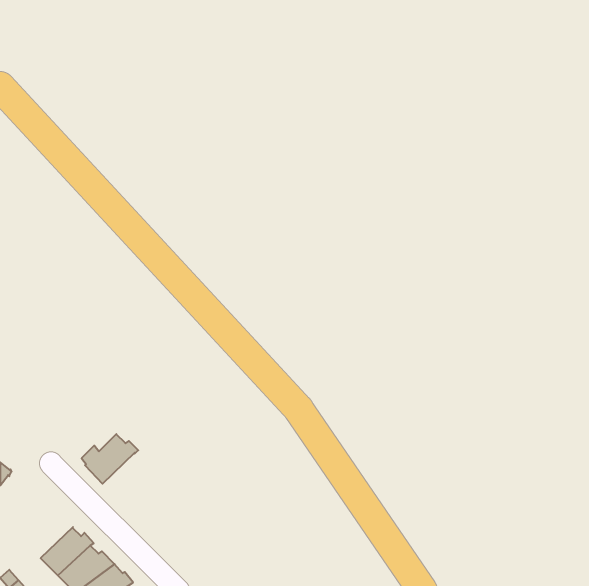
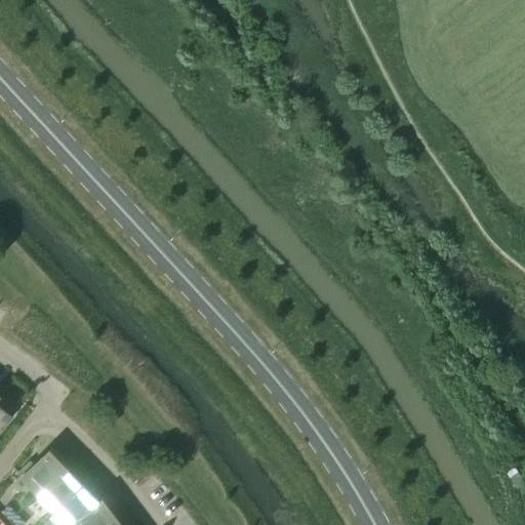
building: [82,434,138,484] -> [19,455,70,499]

